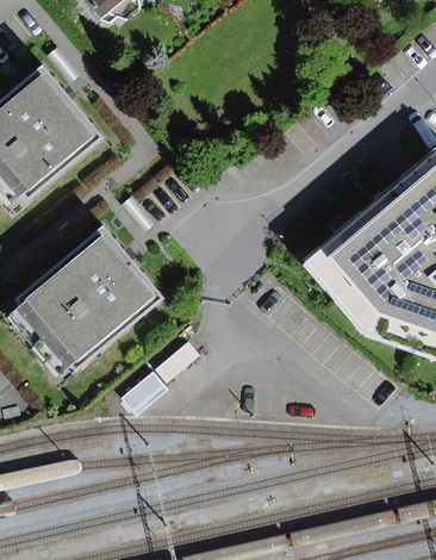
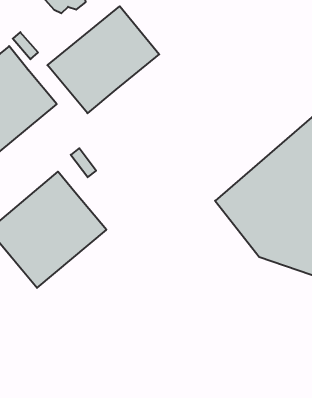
building: none -> [47,6,159,113]

